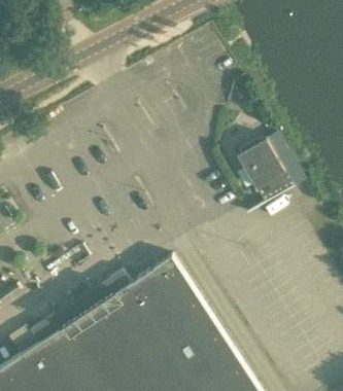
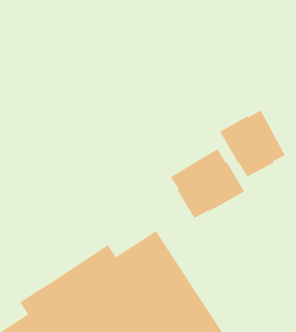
building: none -> [170,148,245,219]

